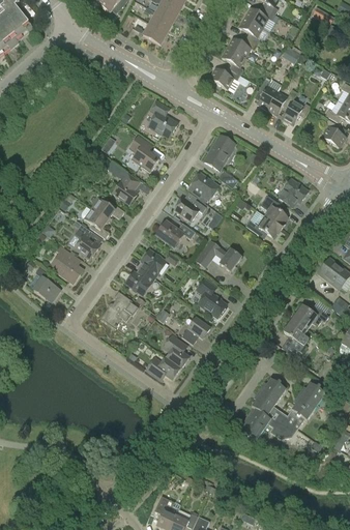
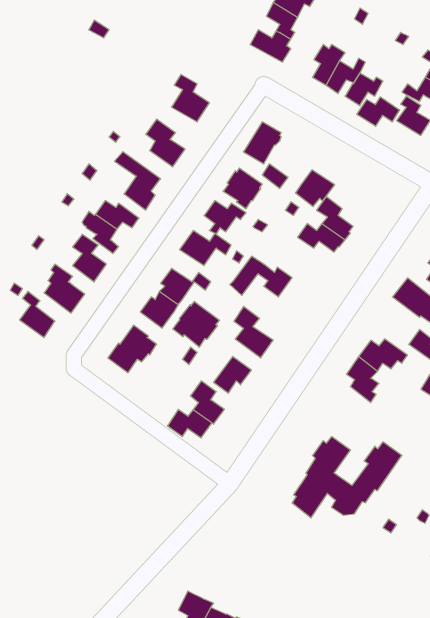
building: none -> [357,97,400,126]
building: [279,179,309,207] -> [295,170,335,207]
building: none -> [173,301,219,347]

